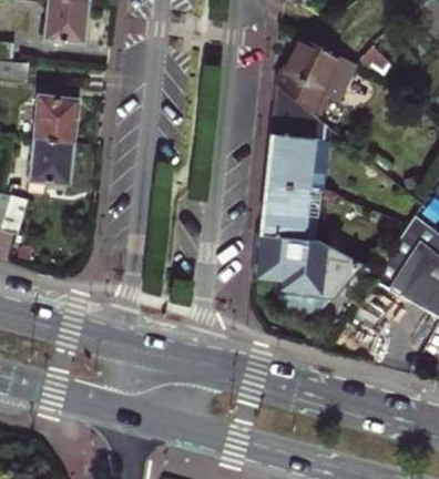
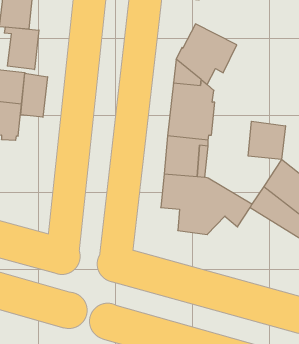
building: none -> [4,27,39,70]
building: none -> [21,73,48,117]
building: none -> [248,121,285,160]

